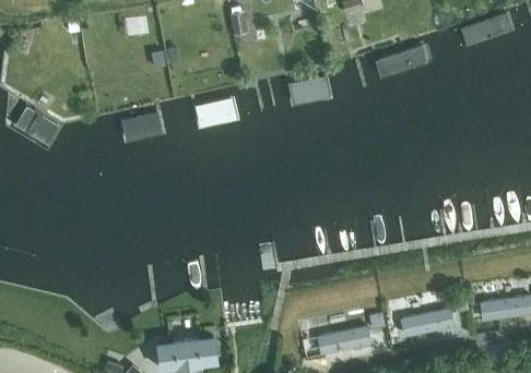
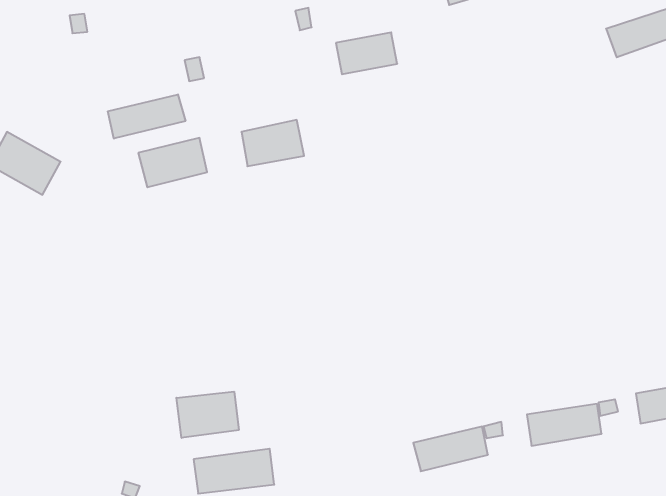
building: [376,50,427,83] -> none
building: [286,76,331,107] -> [336,32,397,74]
building: none -> [108,94,185,139]
building: none -> [176,392,239,438]

